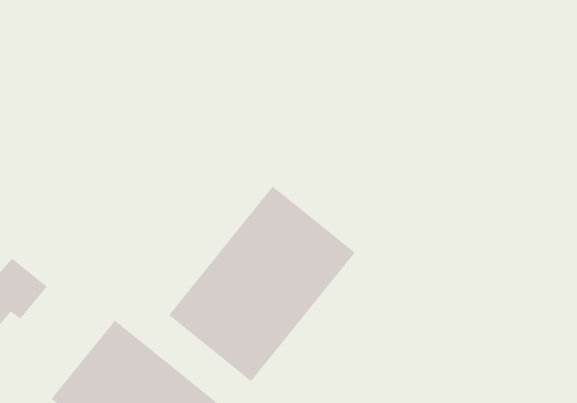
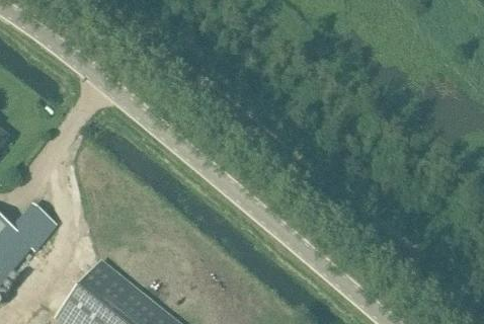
building: [168,186,356,382] -> none

